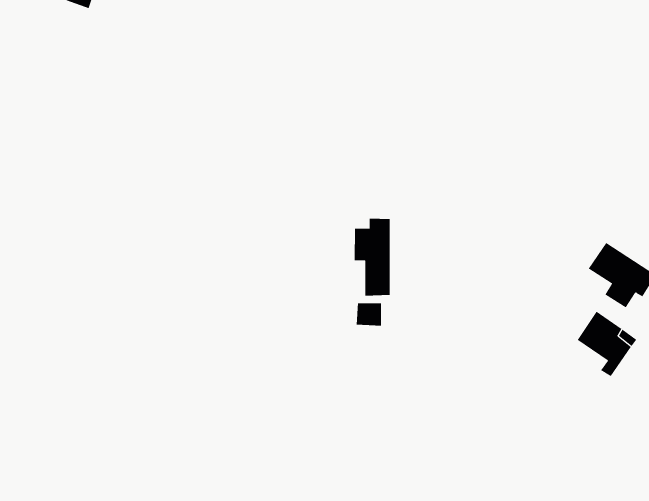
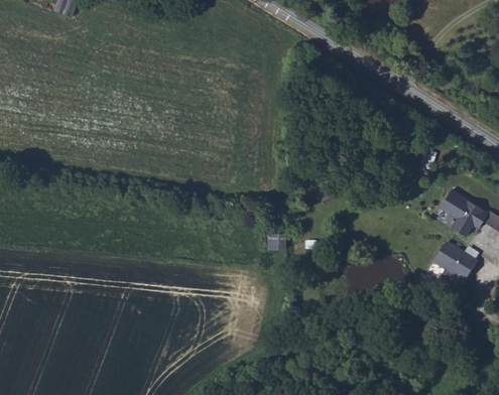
building: [354,218,390,296] -> none

